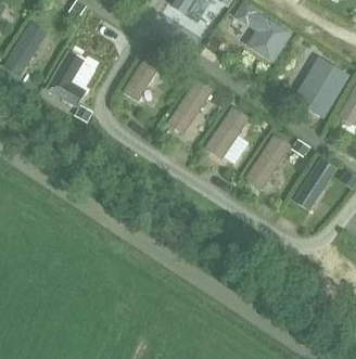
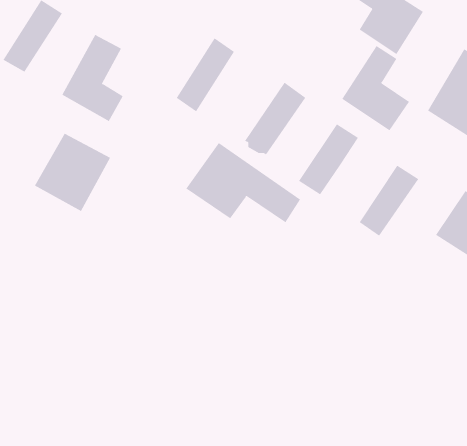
building: none -> [341,45,410,131]
building: none -> [34,133,111,212]
building: none -> [186,142,301,223]

